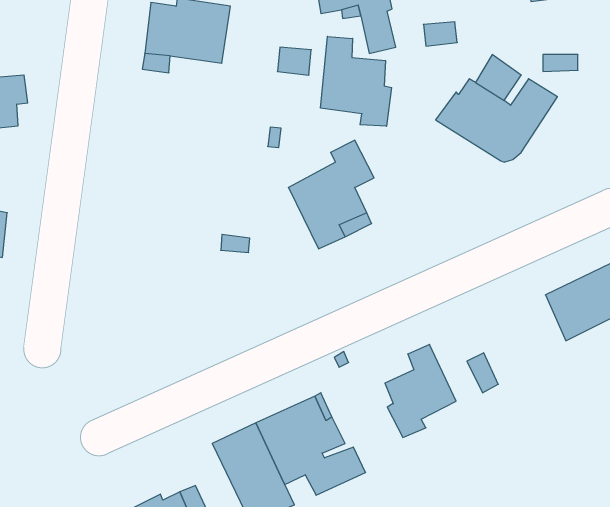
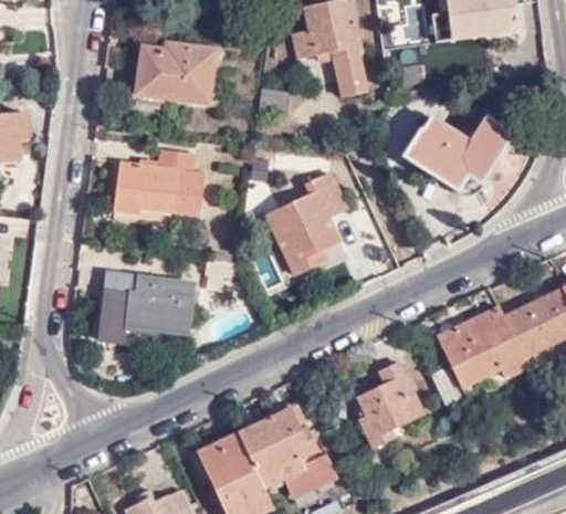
building: [321,36,392,126] -> none
building: none -> [113,149,206,214]
building: none -> [99,272,191,343]
building: none -> [438,306,526,385]

